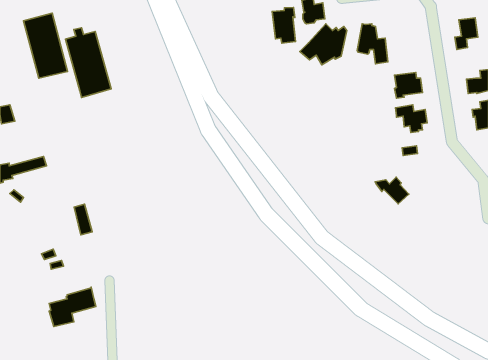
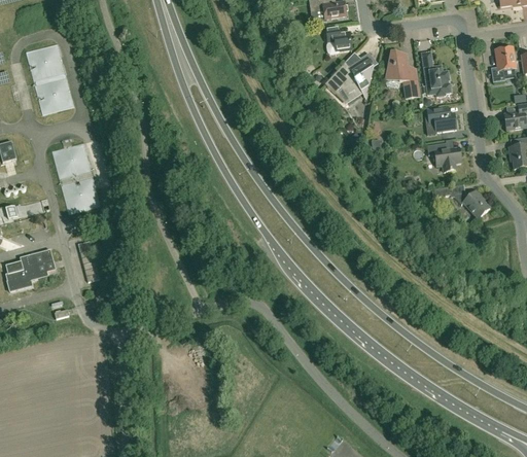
building: [272,8,295,43] -> none
building: none -> [421,54,450,97]
building: [65,28,111,97] -> [51,139,101,214]
building: [375,177,409,204] -> [453,189,489,218]
building: [49,287,96,326] -> [5,249,56,291]

